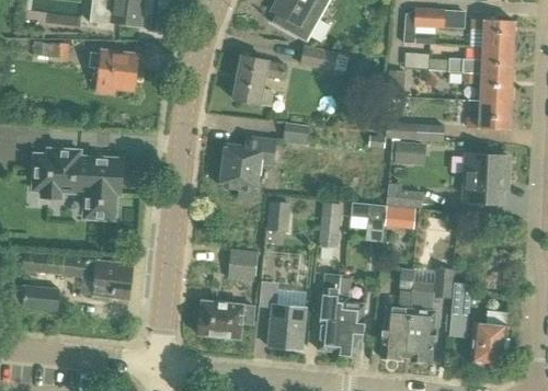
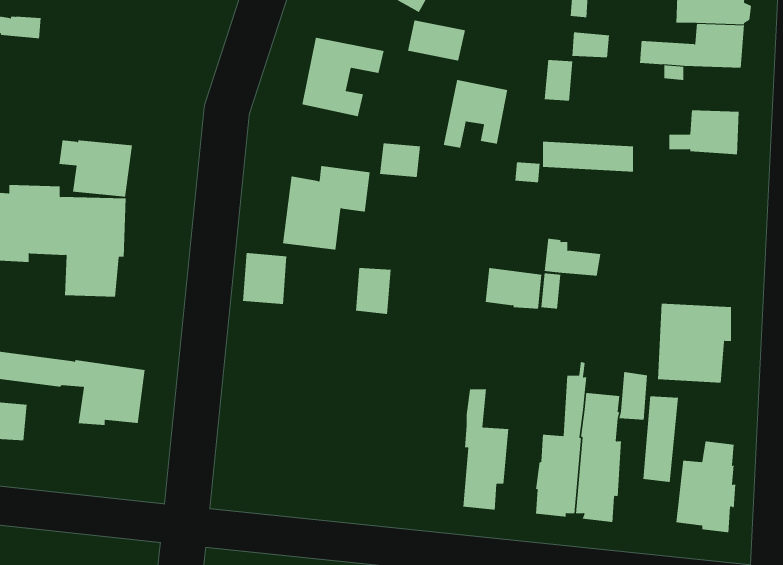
building: [91,51,138,88] -> [58,140,133,197]
building: [480,73,512,102] -> none
building: none -> [443,79,508,148]
building: [395,141,426,164] -> none
building: [463,153,510,204] -> [657,303,732,383]
building: [319,202,341,246] -> none
building: [227,248,255,280] -> [242,253,287,305]
building: [318,273,341,352] -> none
building: [198,299,255,337] -> none
building: [269,302,307,348] -> none

